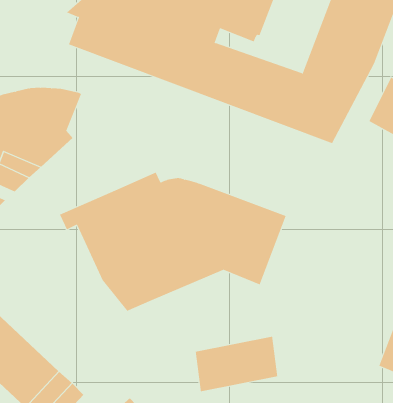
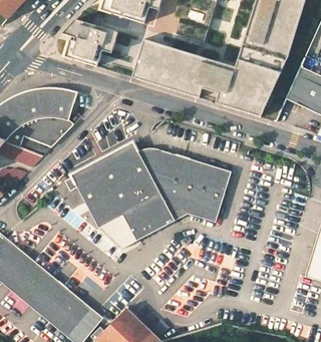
building: [195,336,278,392] -> none

